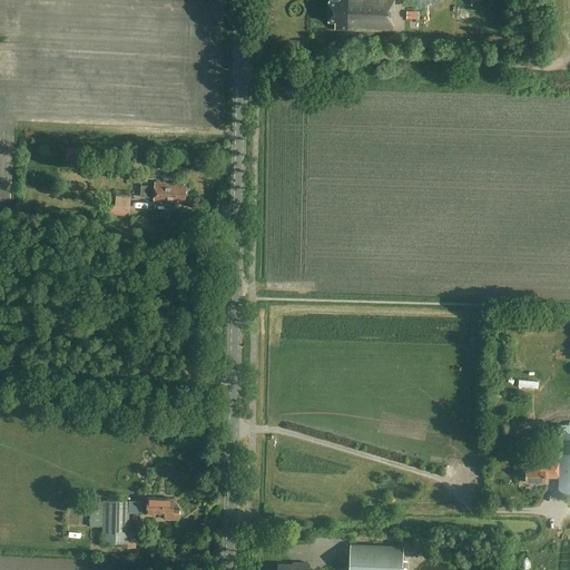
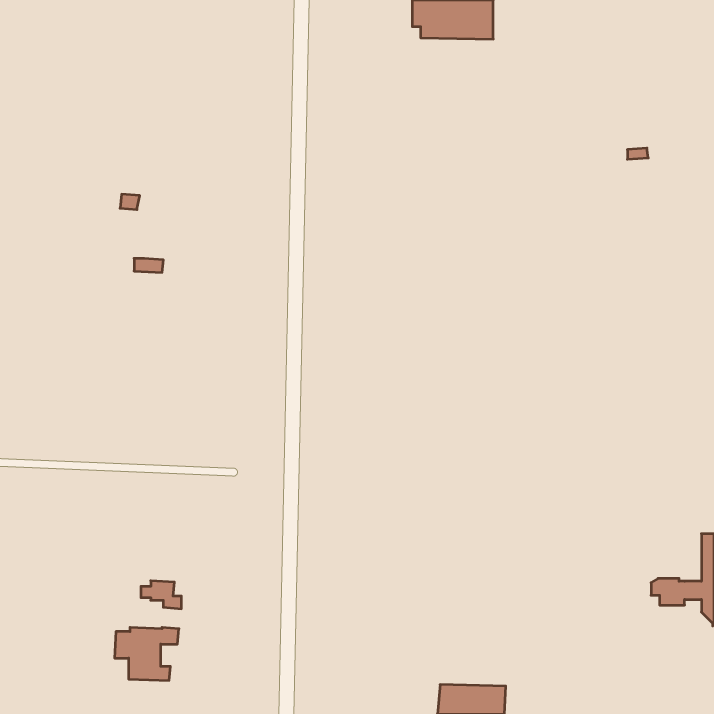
building: [154,183,186,202] -> none
building: [147,498,179,520] -> [141,581,181,609]

